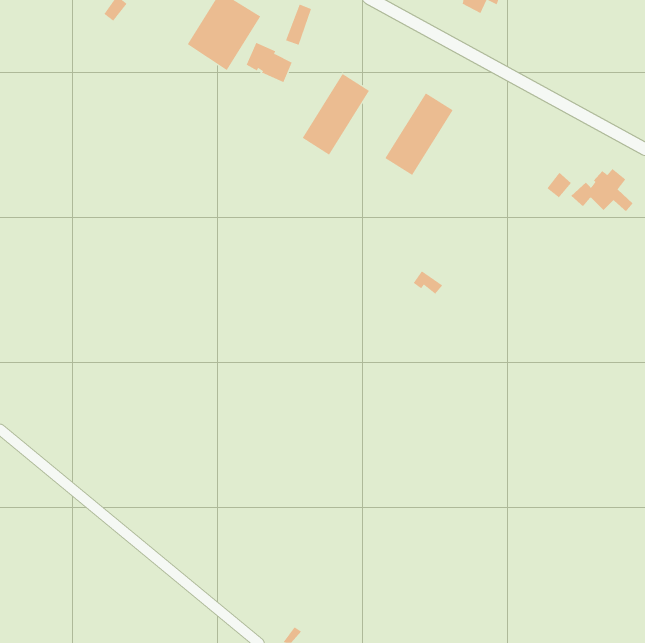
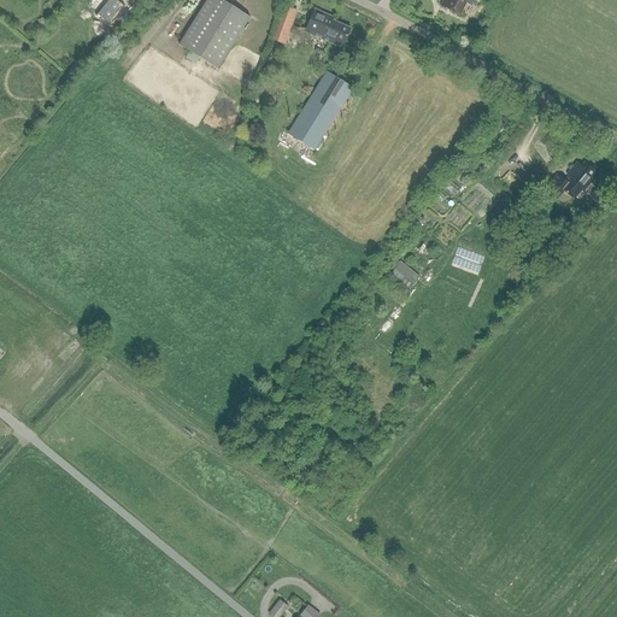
building: [246,42,293,83] -> [305,7,349,46]
building: [385,93,454,176] -> none

